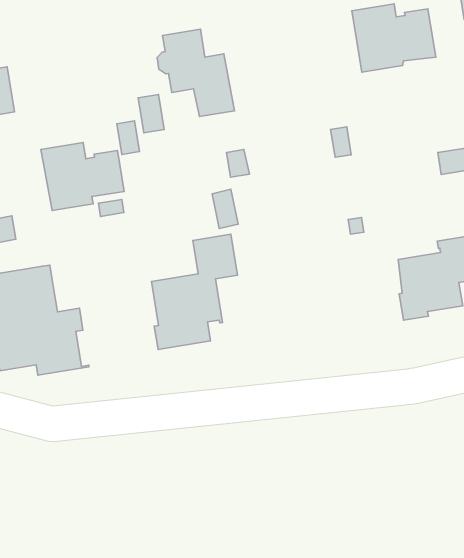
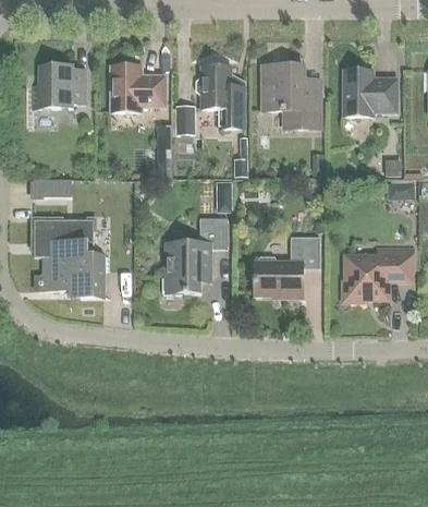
building: none -> [262,64,320,128]
building: [41,143,124,211] -> [110,64,166,110]
building: none -> [254,236,319,297]

